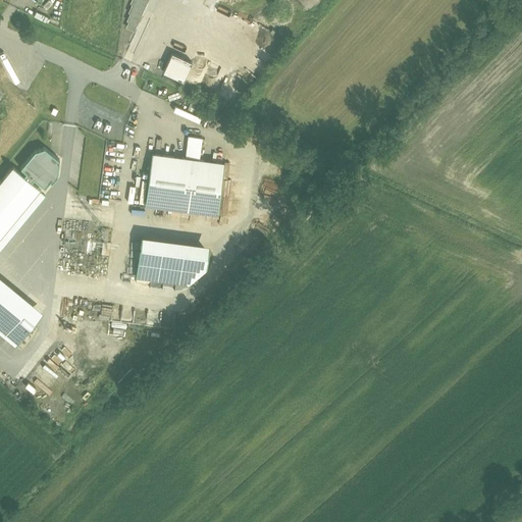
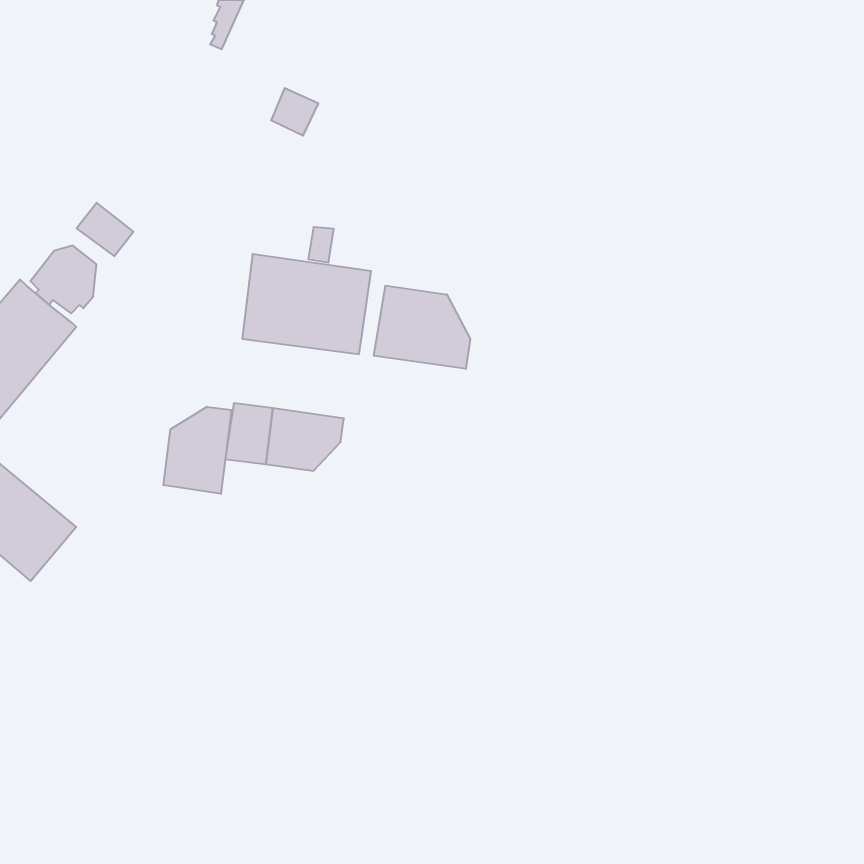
building: none -> [77,203,133,256]
building: none -> [374,286,470,369]
building: none -> [164,407,231,494]

